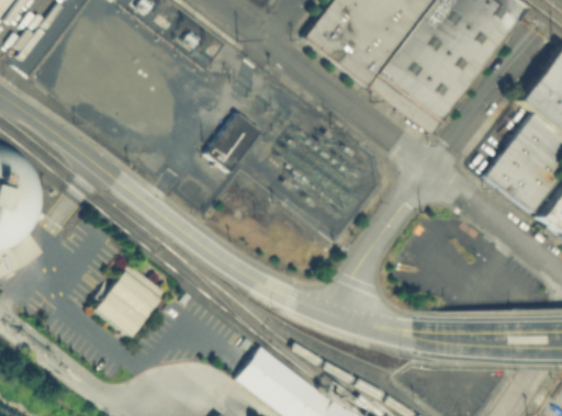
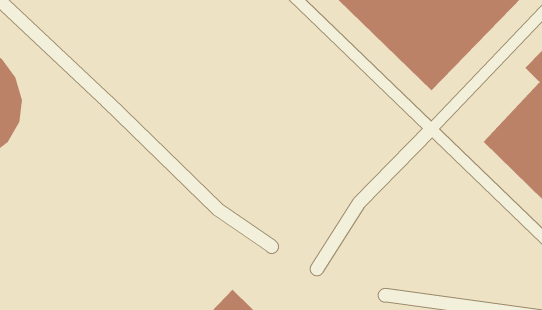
building: [206,112,260,170] -> none
building: [91,262,162,336] -> none

